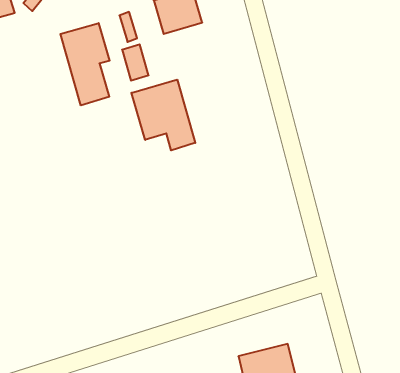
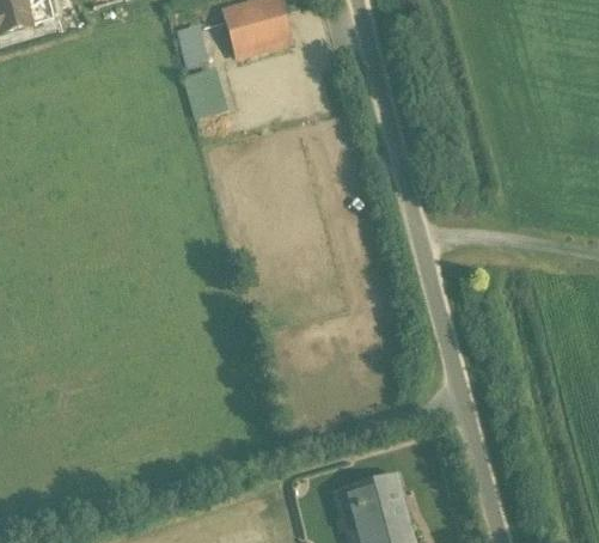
building: [60,23,110,105] -> none
building: [131,80,195,150] -> none

